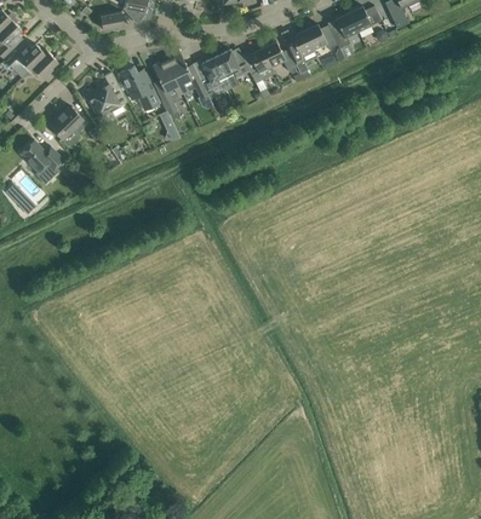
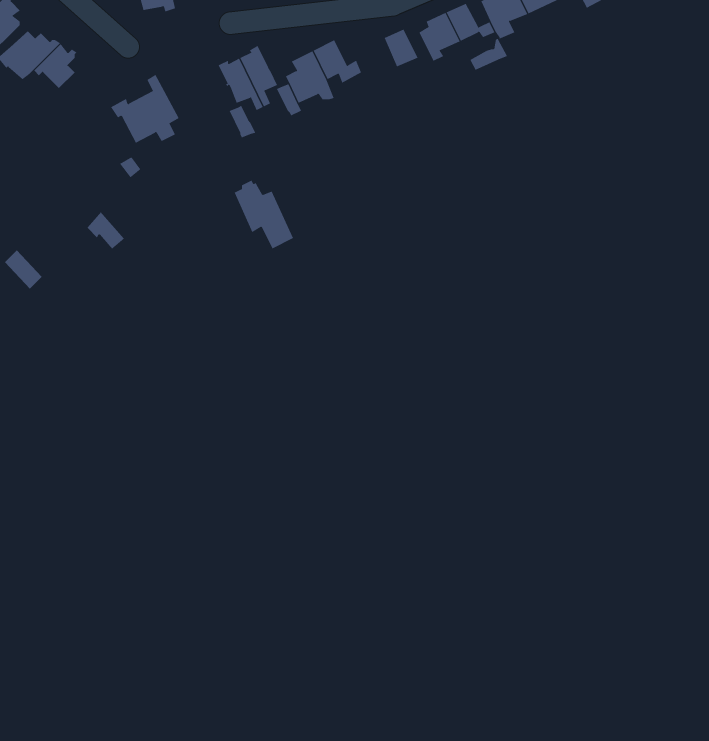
building: [242,48,275,85] -> none
building: [119,65,159,111] -> [234,180,294,249]
building: [50,106,84,140] -> none
building: [19,140,64,185] -> none

